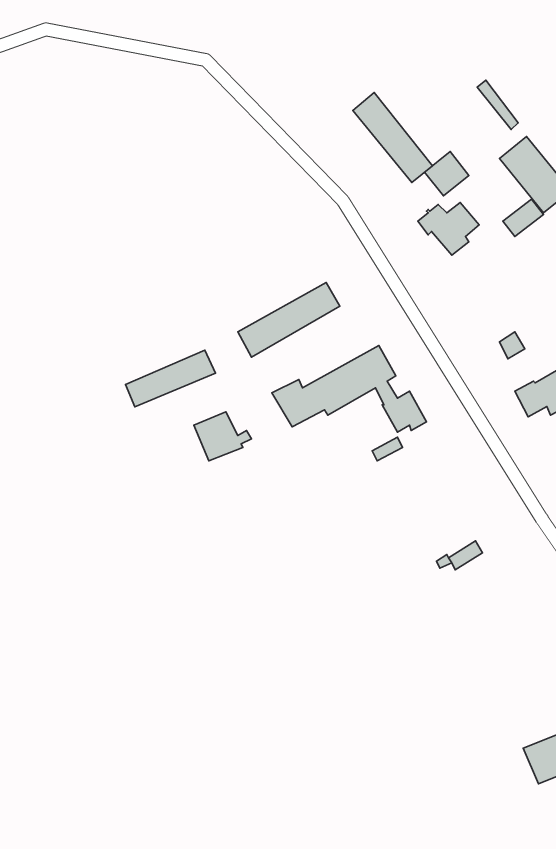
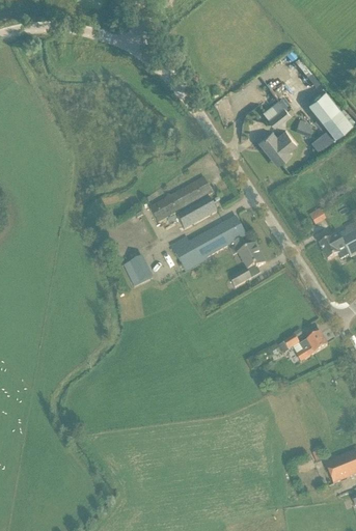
building: [353,92,432,182] -> none
building: none -> [175,197,216,228]
building: [125,350,216,407] -> none
building: none -> [295,332,326,361]

